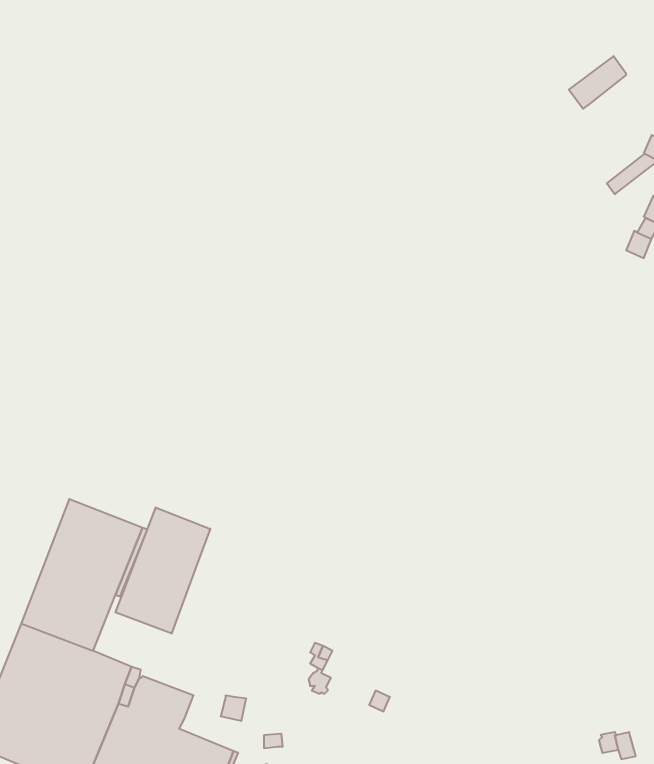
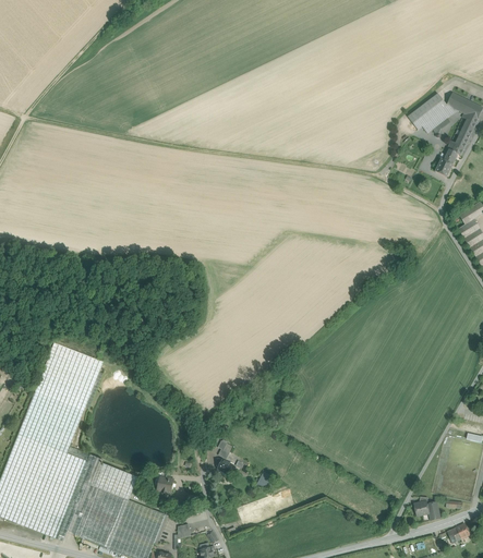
building: [569,56,626,109] -> [407,94,446,130]
building: [115,507,210,634] -> none

